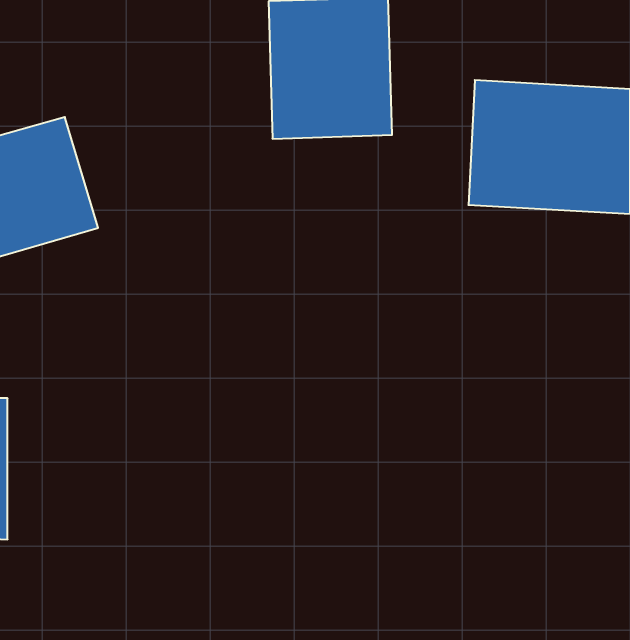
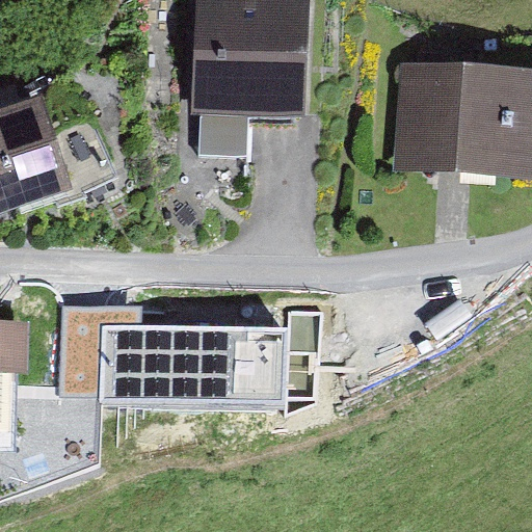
building: none -> [48,302,300,415]

